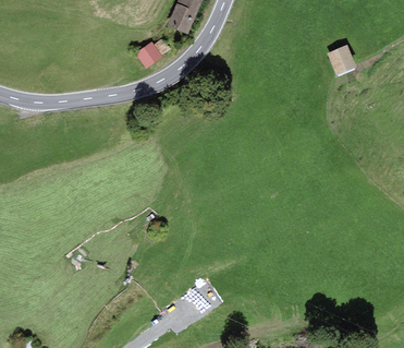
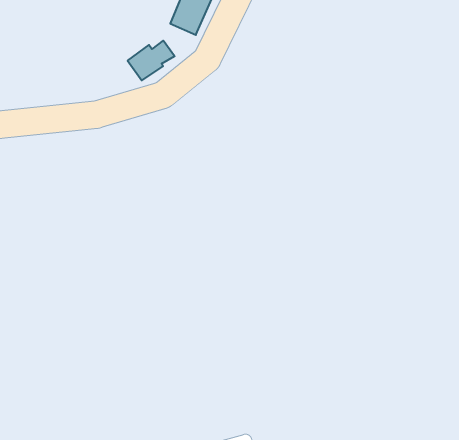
building: [327,45,356,75] -> none

